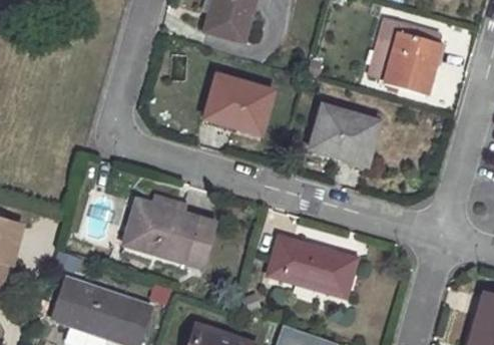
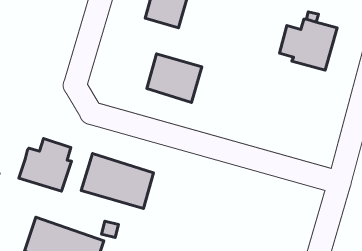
building: [310,105,379,164] -> none
building: none -> [19,138,71,191]
building: [270,235,356,295] -> none

